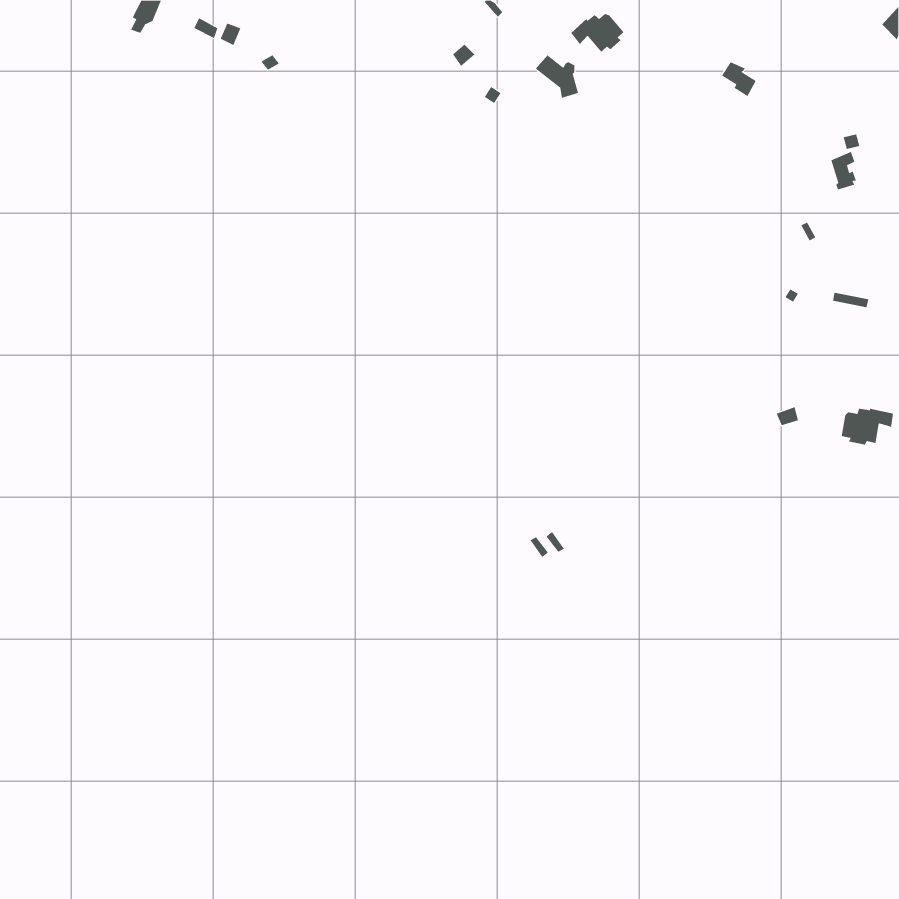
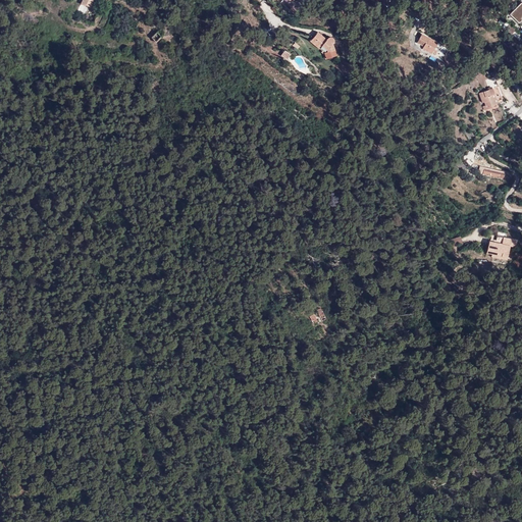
building: [571,13,624,53] -> none

